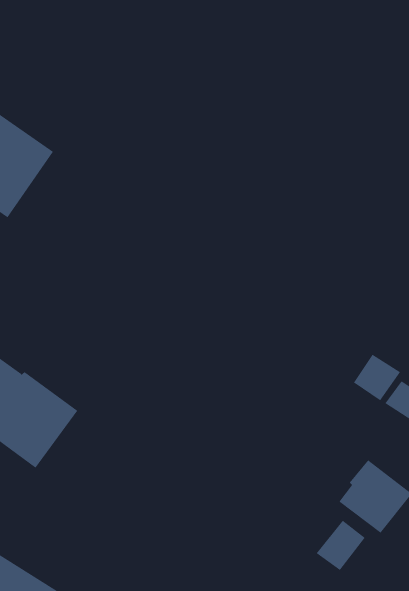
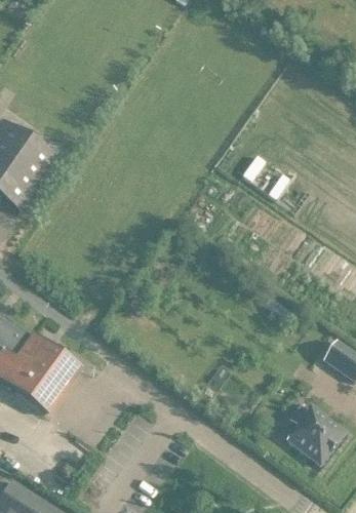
building: [353,354,401,401] -> none
building: [316,520,366,571] -> none

